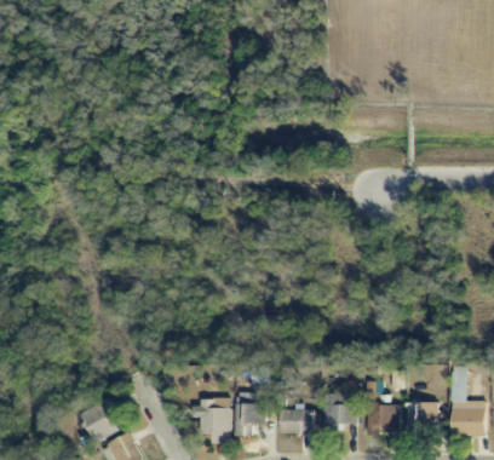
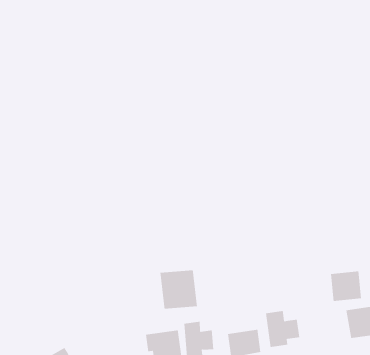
building: none -> [160,270,198,310]
building: [368,403,400,433] -> [330,271,362,301]

